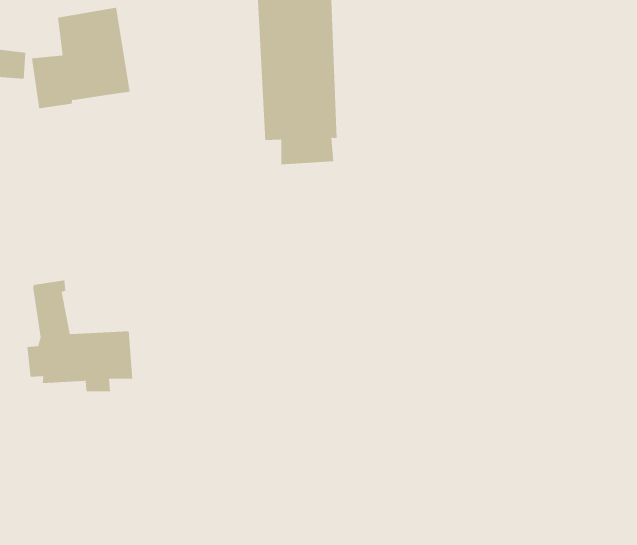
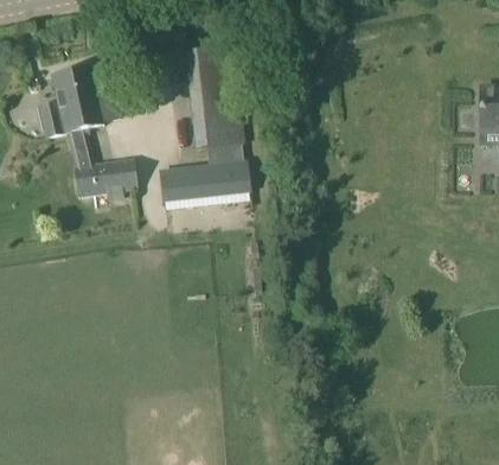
building: none -> [161,160,249,198]
building: [27,280,133,392] -> [65,127,137,200]

